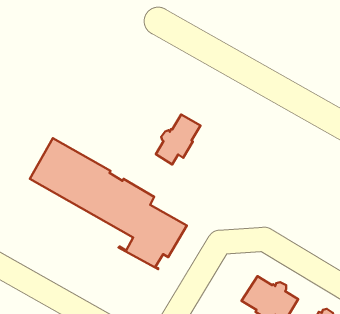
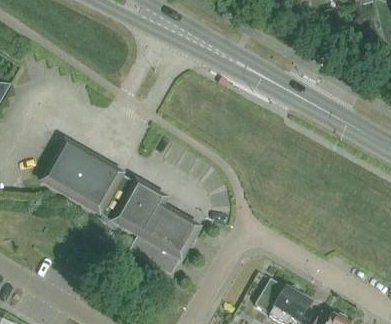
building: [156,115,201,164] -> none

